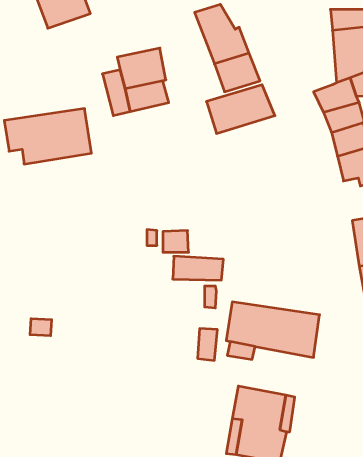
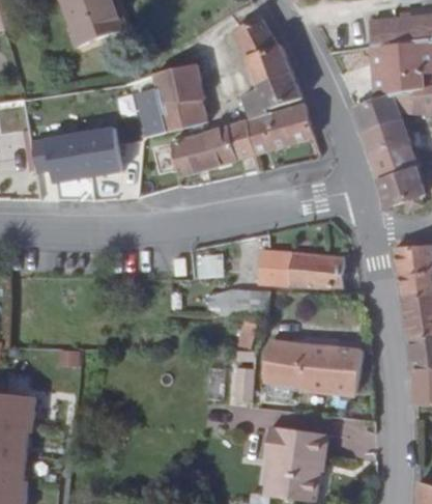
building: none -> [169,121,254,177]
building: none -> [258,246,345,286]

